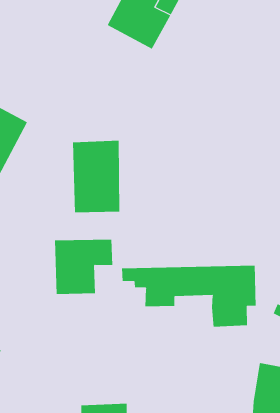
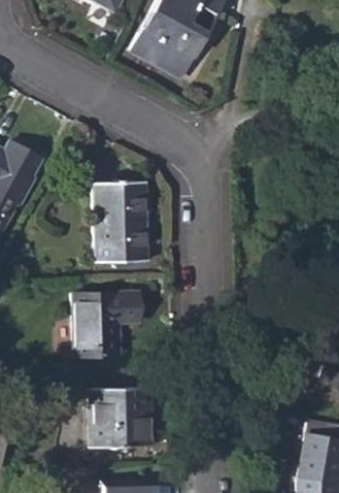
building: [122,265,256,328] -> none
building: none -> [89,387,151,448]

